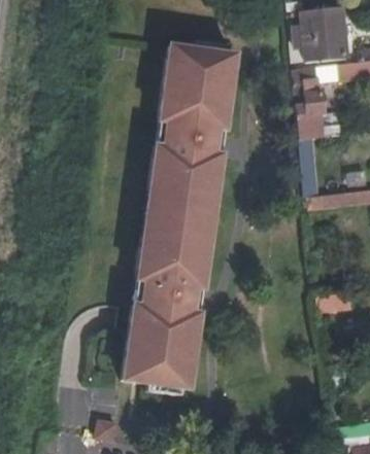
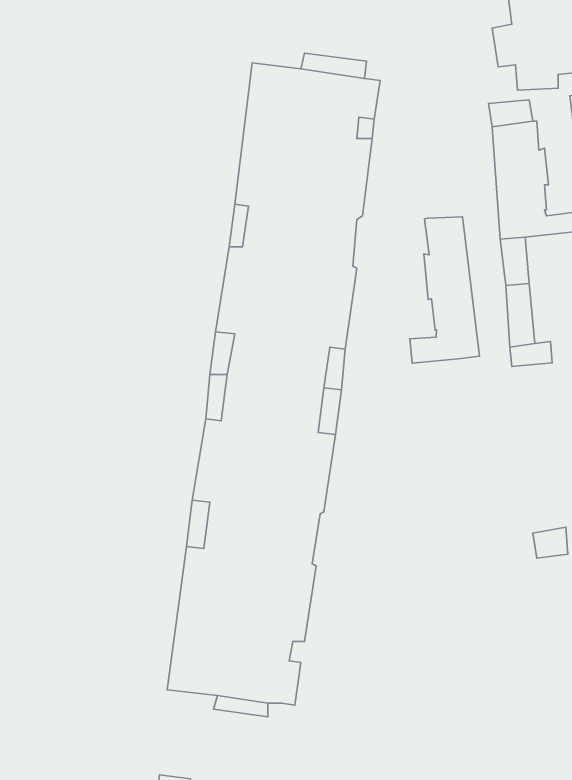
building: none -> [410,217,479,363]

